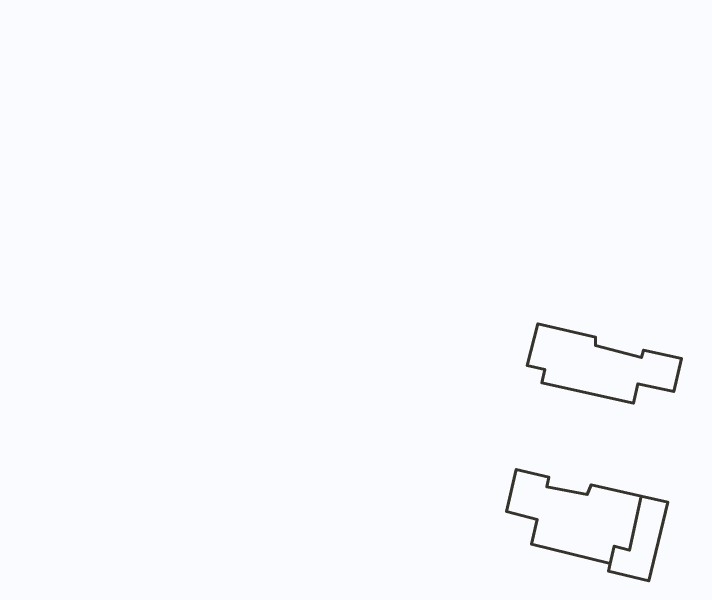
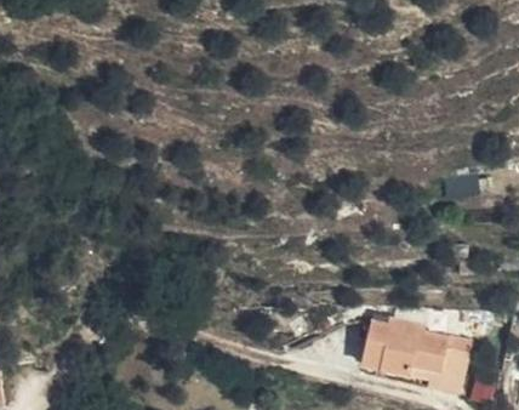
building: [527,324,681,403] -> none

